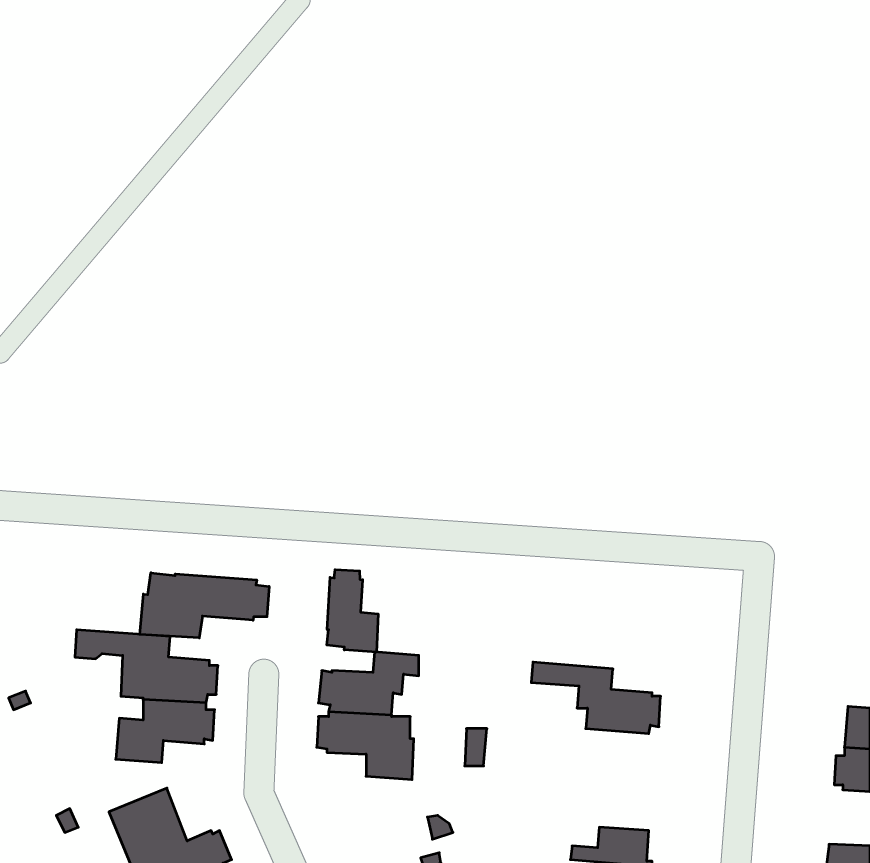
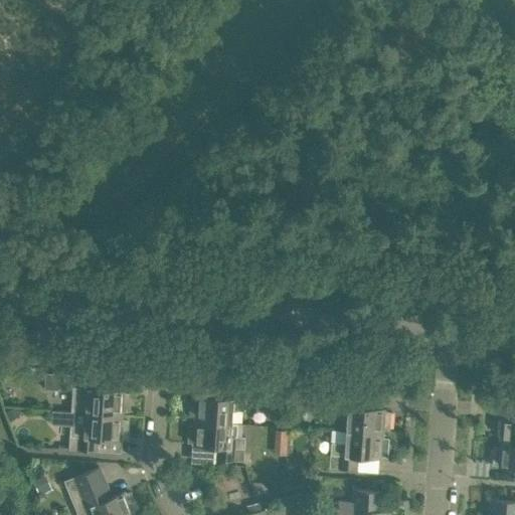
building: [327,570,378,652] -> none
building: [140,573,269,638] -> none
building: none -> [329,435,383,473]

